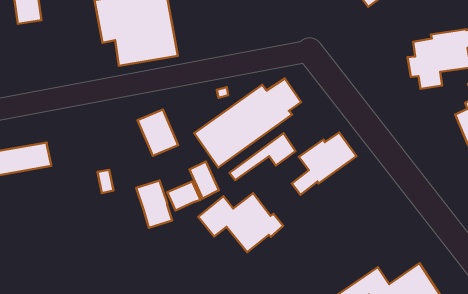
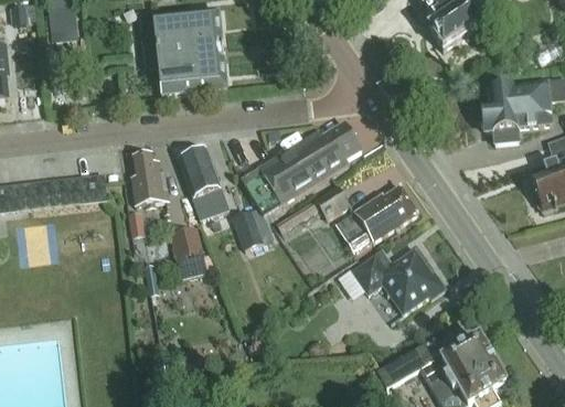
building: none -> [131,152,169,204]
building: none -> [75,171,105,201]
building: [167,181,200,210] -> [192,188,228,218]
building: [198,193,283,252] -> [352,247,446,312]

